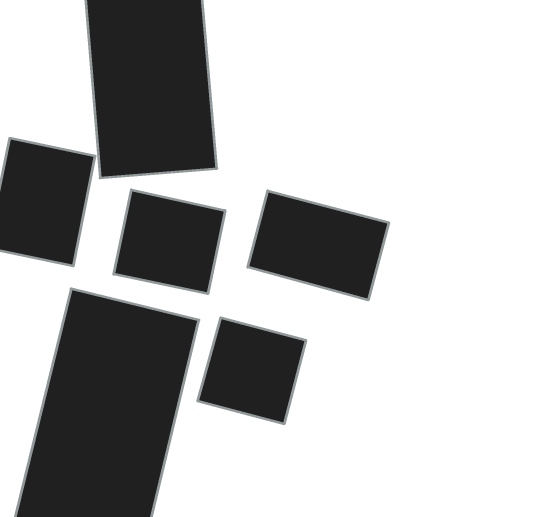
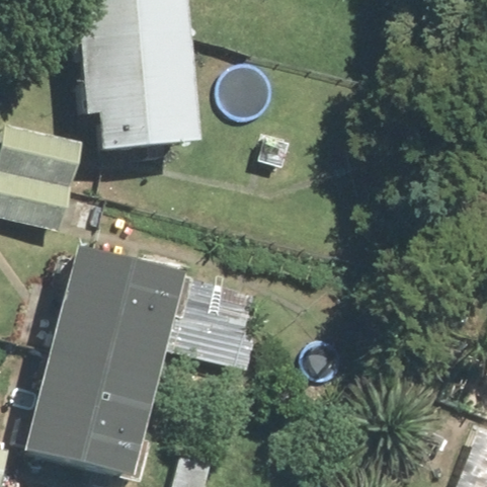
building: [114,190,225,294] -> none
building: [248,191,389,300] -> none

